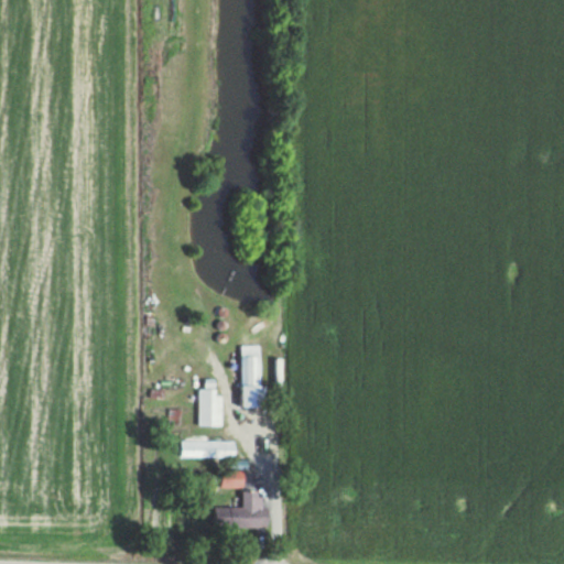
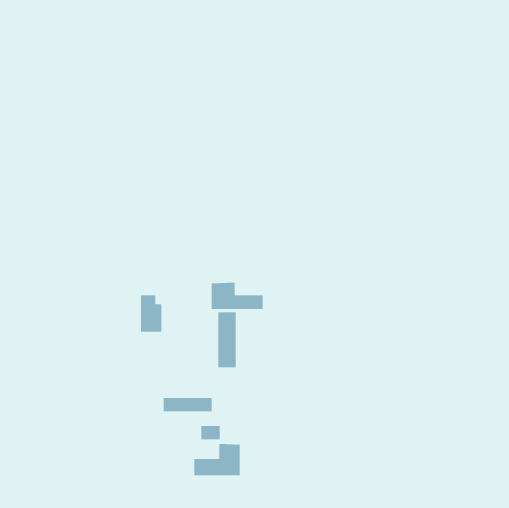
building: none -> [211,282,264,310]
building: [199,384,224,426] -> [140,295,162,333]

